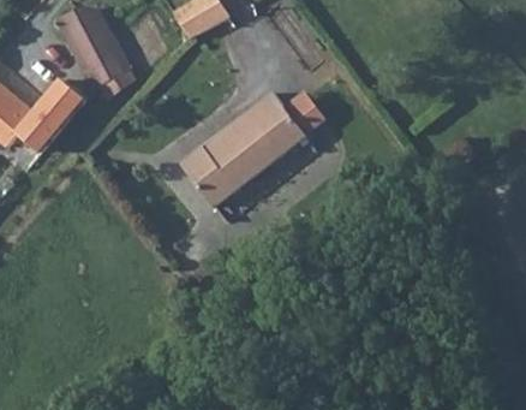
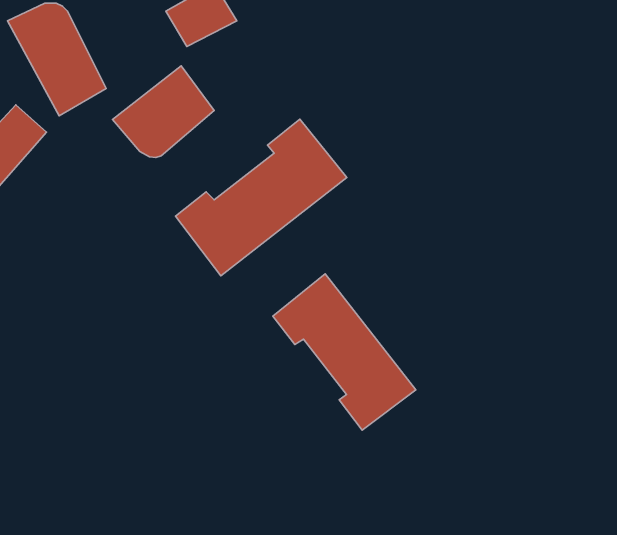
building: none -> [113,66,214,157]
building: none -> [273,274,416,430]

